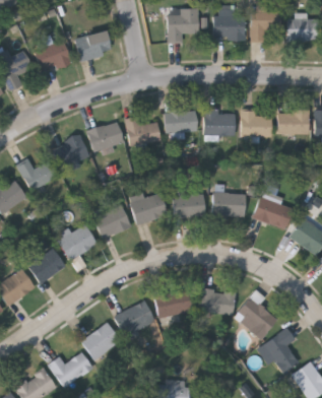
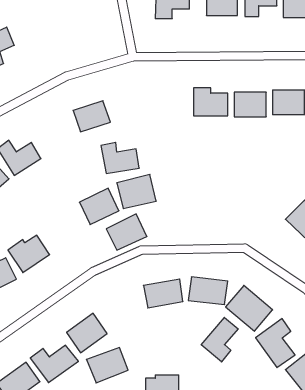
building: [74,31,111,60] -> none
building: [34,40,71,73] -> none
building: [165,111,196,132] -> none
building: [124,116,160,145] -> [101,142,139,173]
building: [51,133,88,169] -> none
building: [253,192,292,228] -> none
building: [212,193,245,215] -> none
building: [174,194,204,217] -> none
building: [58,224,96,259] -> [106,214,147,250]
building: [115,303,154,336] -> [86,348,128,383]
building: none -> [201,317,238,362]

